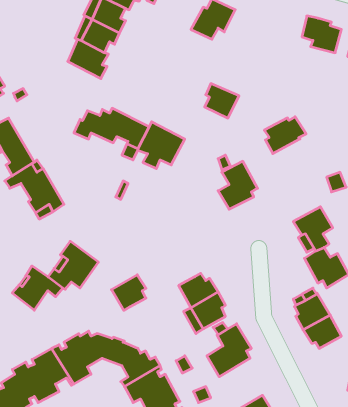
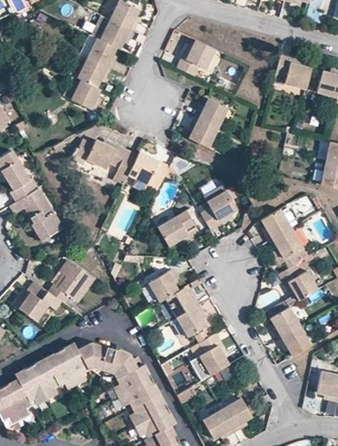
building: none -> [193,97,228,127]
building: [264,117,306,154] -> [260,207,298,240]
building: none -> [157,210,199,247]
building: [111,275,146,310] -> [148,269,179,301]

